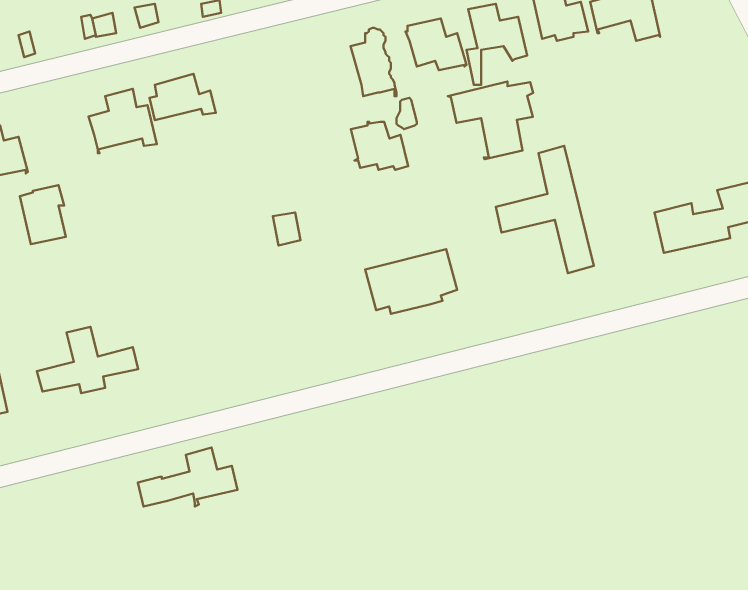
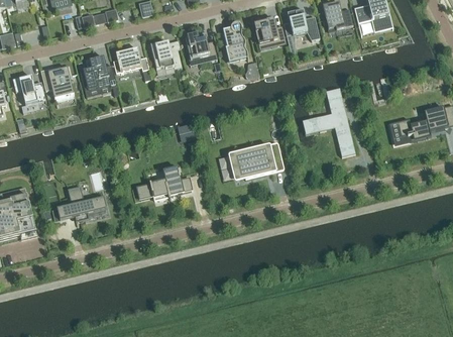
building: none -> [149,41,181,69]
building: [448,81,533,159] -> none
building: [351,122,408,170] -> [185,34,216,61]
building: [20,185,66,244] -> [47,66,73,98]
building: [138,447,237,506] -> [136,166,191,199]

